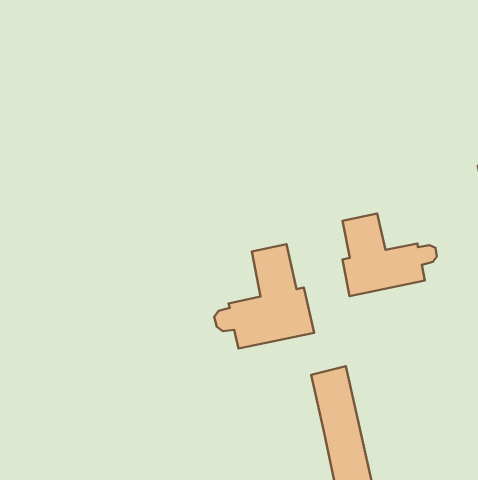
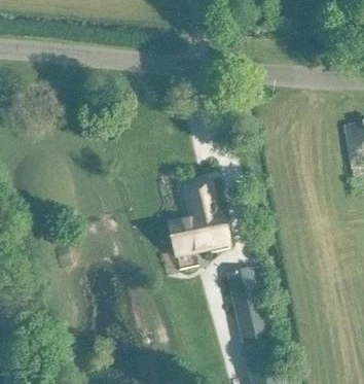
building: [342,214,437,296] -> none

